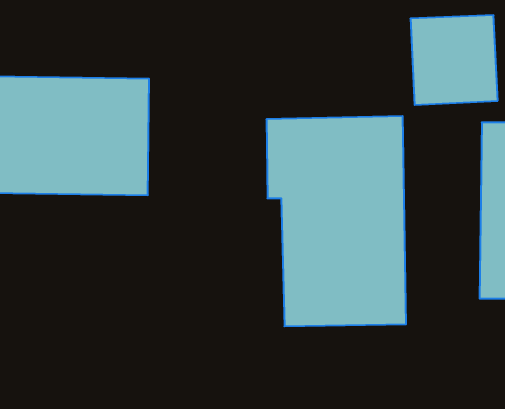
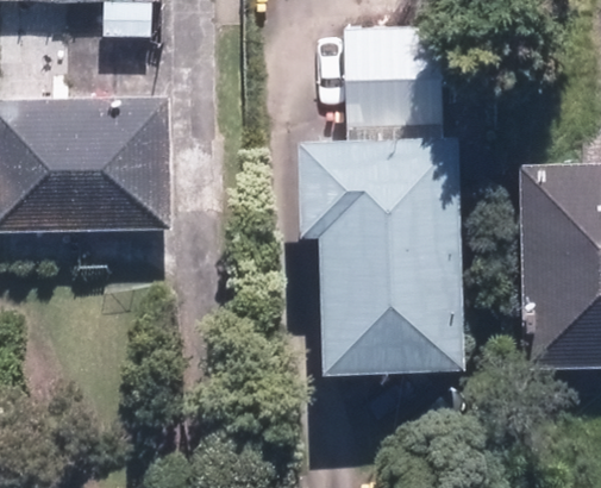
building: [410,15,498,105] -> [340,26,438,126]

